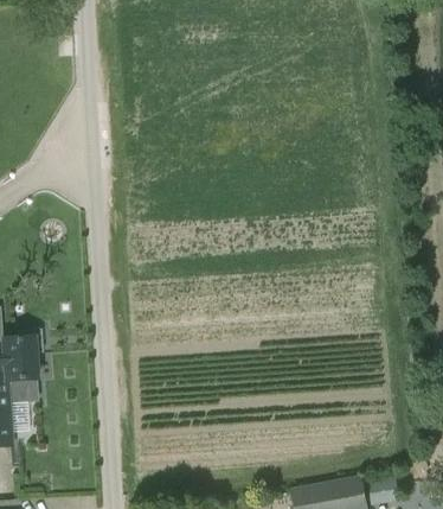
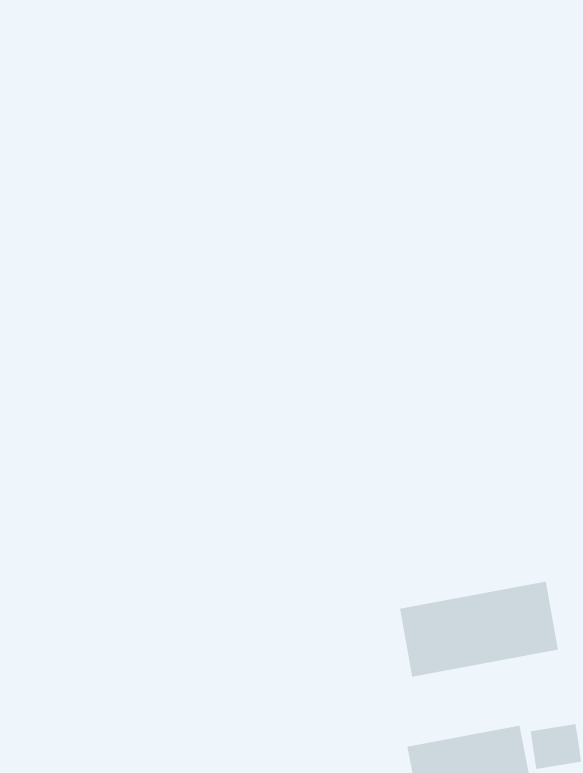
building: none -> [399,581,559,678]

